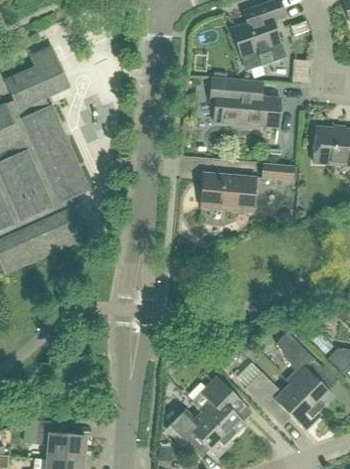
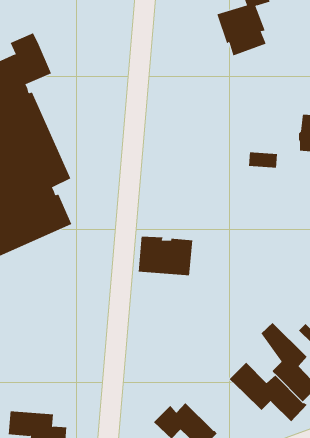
building: [211,76,281,127] -> none
building: [201,172,255,211] -> [138,236,193,276]
building: [192,376,246,438] -> none

